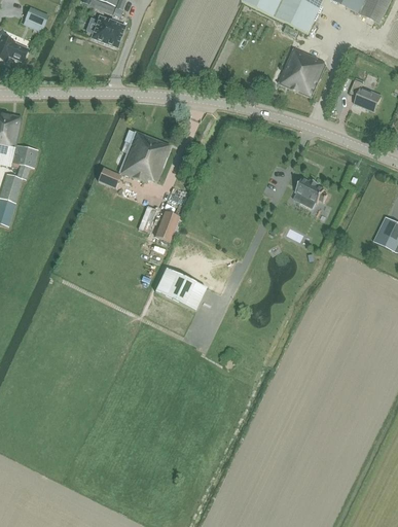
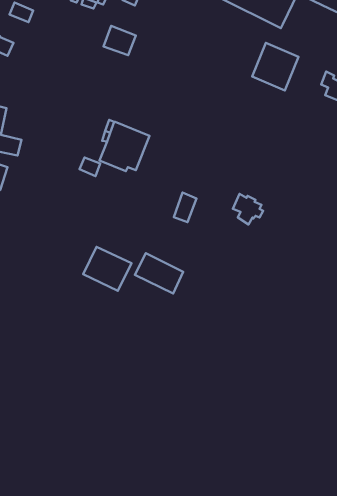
building: [92,15,125,46] -> [103,26,136,55]
building: [295,176,327,208] -> [233,194,263,225]
building: [155,210,179,241] -> [174,193,196,222]
building: none -> [83,247,131,291]

